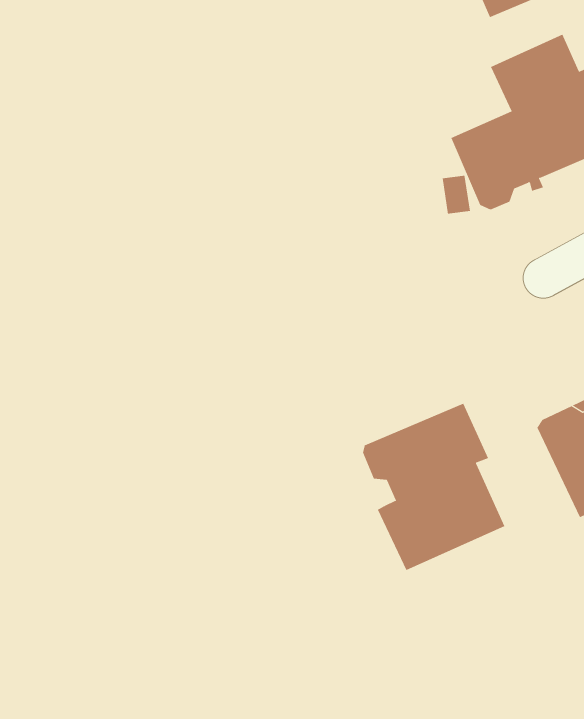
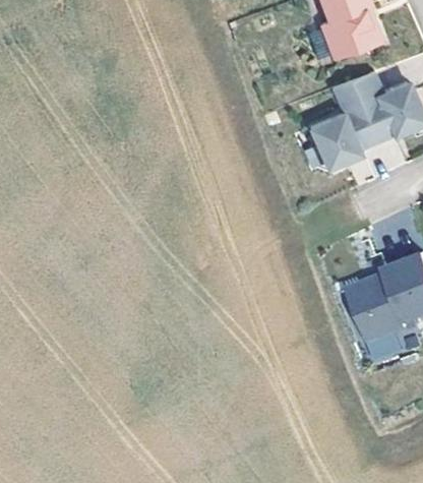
building: [363,403,505,571] -> none

